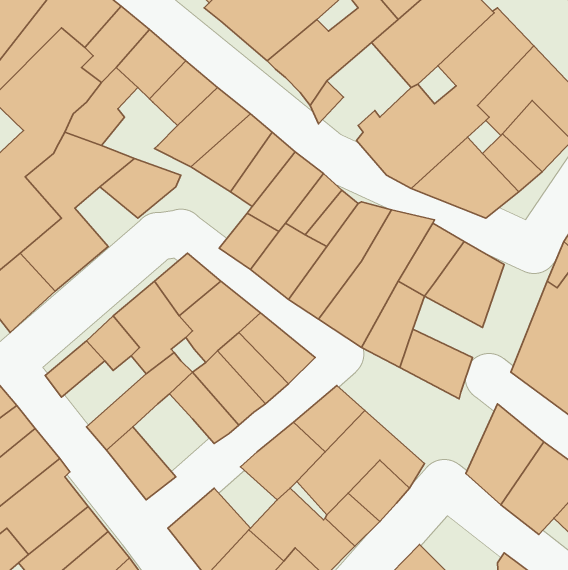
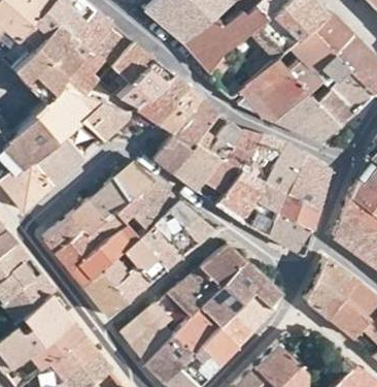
building: none -> [275,190,318,228]
building: none -> [57,227,109,271]
building: none -> [101,257,151,302]

